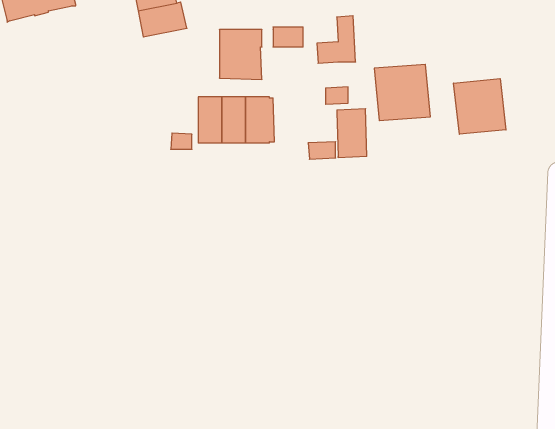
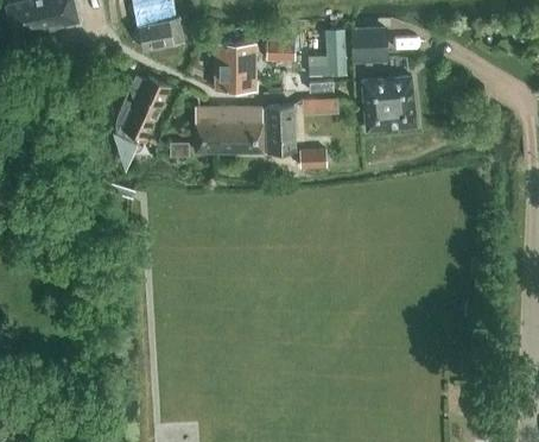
building: none -> [353,29,387,59]
building: none -> [112,74,170,169]
building: [454,79,506,134] -> none
building: [337,109,367,157] -> [266,105,294,151]

